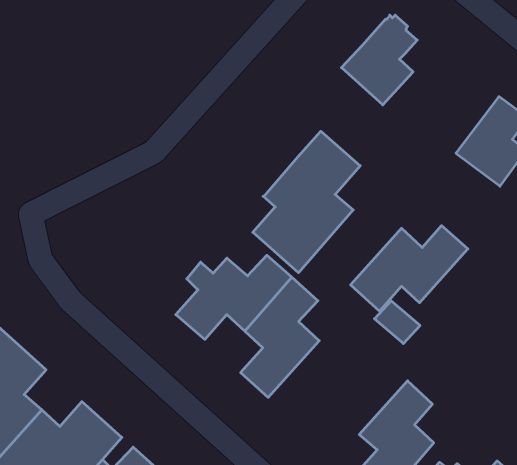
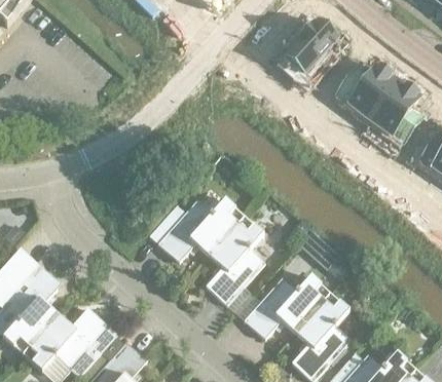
building: none -> [334,64,399,122]
building: [253,131,360,273] -> none
building: [351,226,468,311] -> [244,274,331,338]

